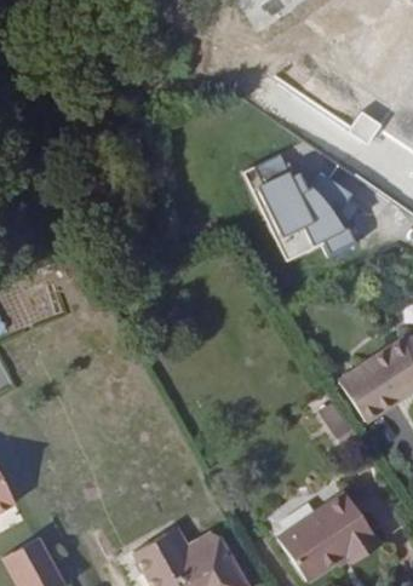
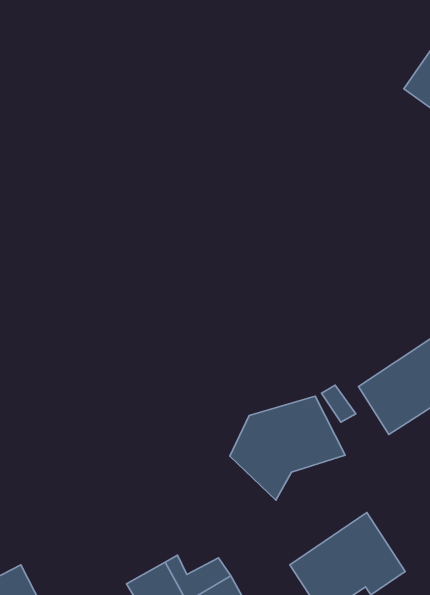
building: [252,153,357,259] -> none
building: none -> [230,396,345,500]

